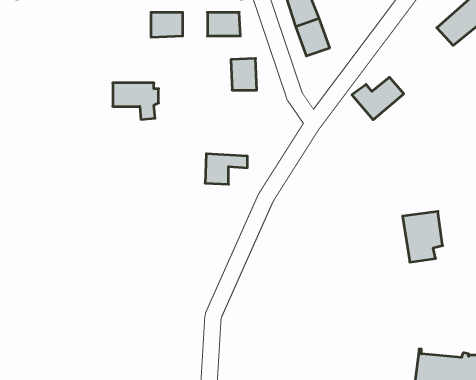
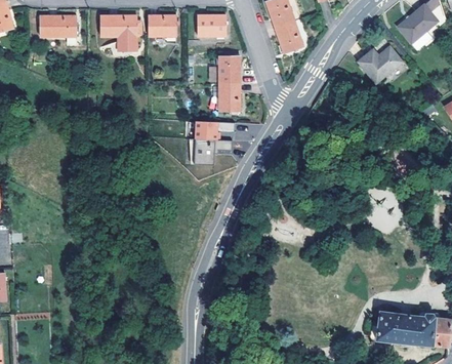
building: none -> [39,16,75,38]
building: [352,77,404,120] -> [357,47,402,84]
building: [113,83,159,119] -> [100,16,140,48]
building: none -> [211,83,240,111]
building: none -> [196,120,235,137]

